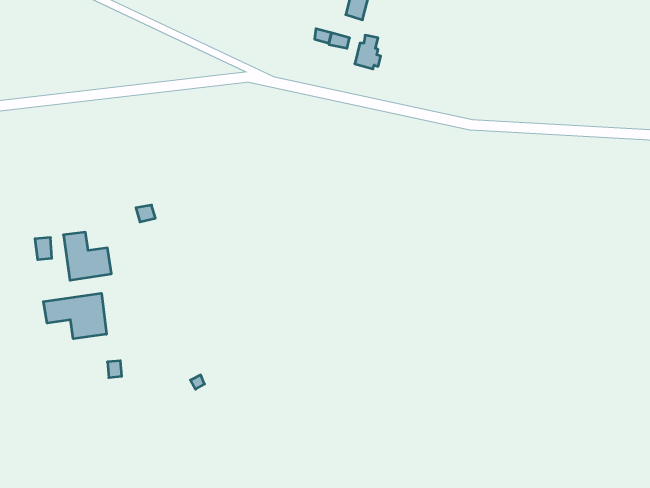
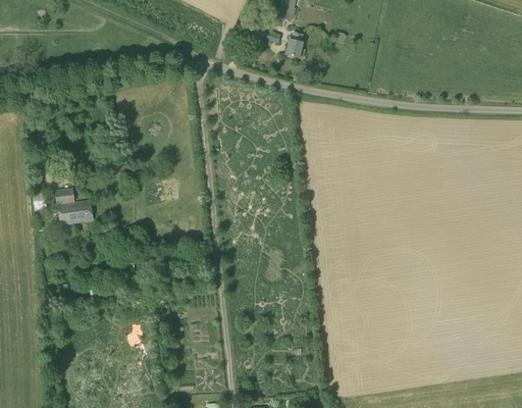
building: [43,293,106,339] -> none

